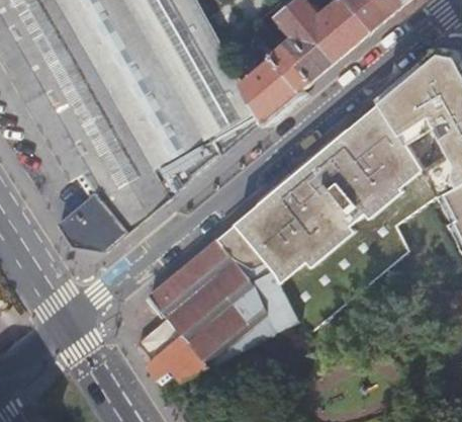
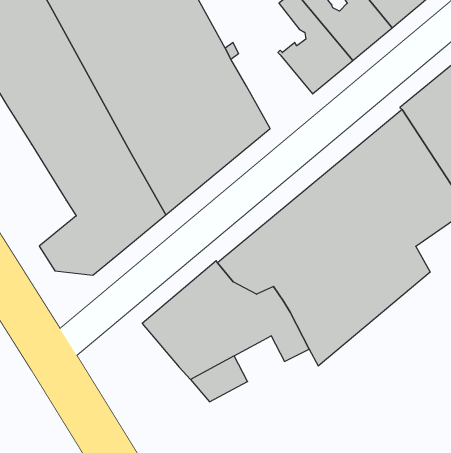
building: [240,54,299,120] -> none
building: [228,308,274,349] -> none
building: [143,336,206,392] -> none

